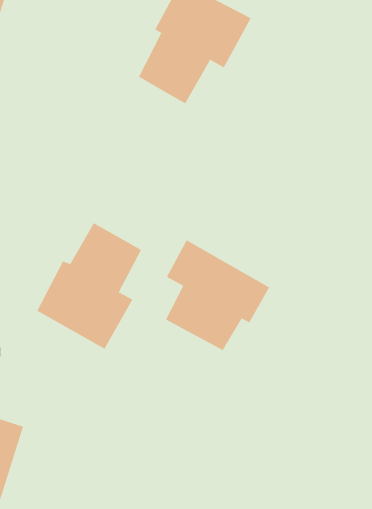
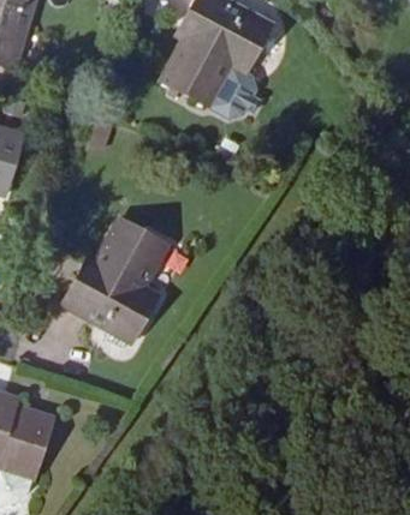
building: none -> [209,64,262,116]
building: [165,239,270,351] -> none

